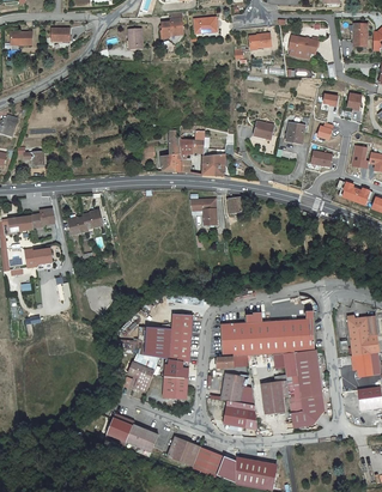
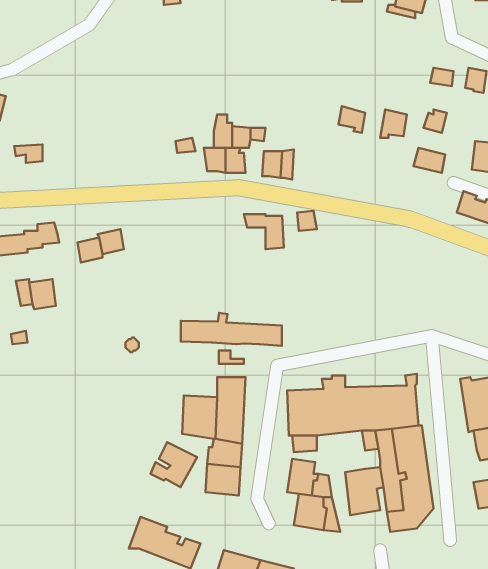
building: none -> [181,313,282,346]

